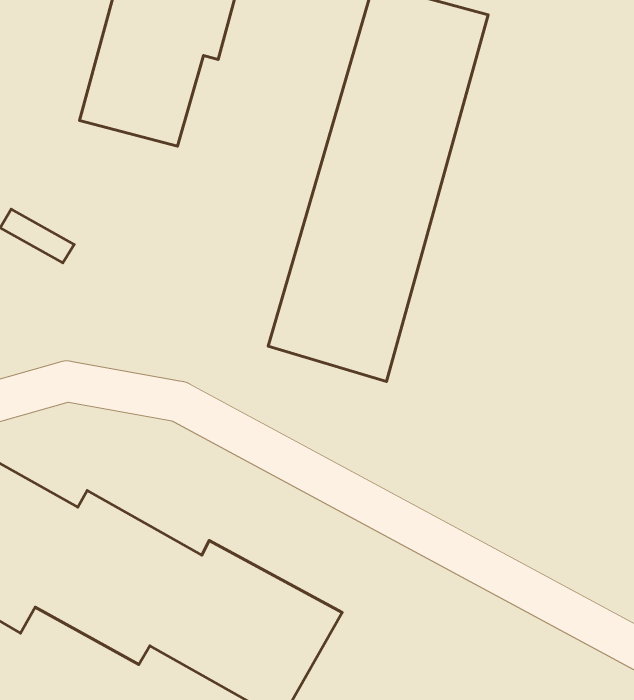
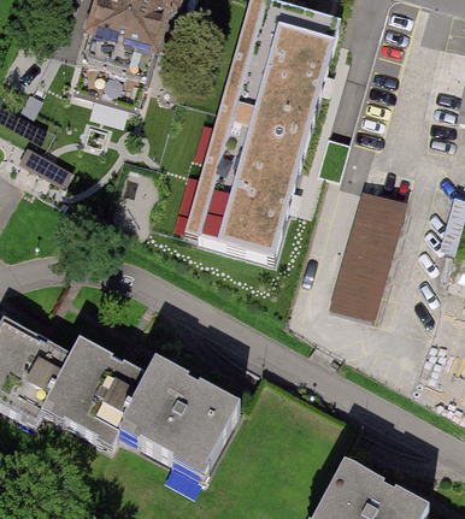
building: none -> [326,187,406,319]

